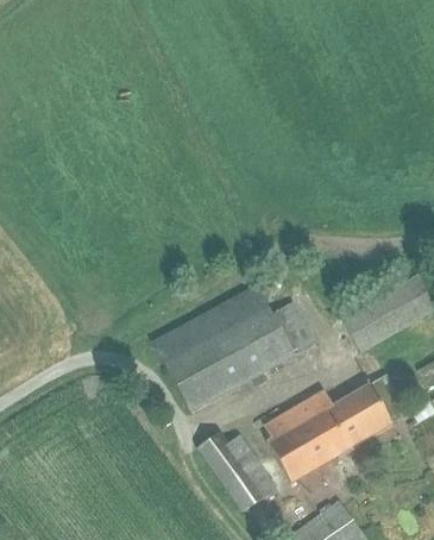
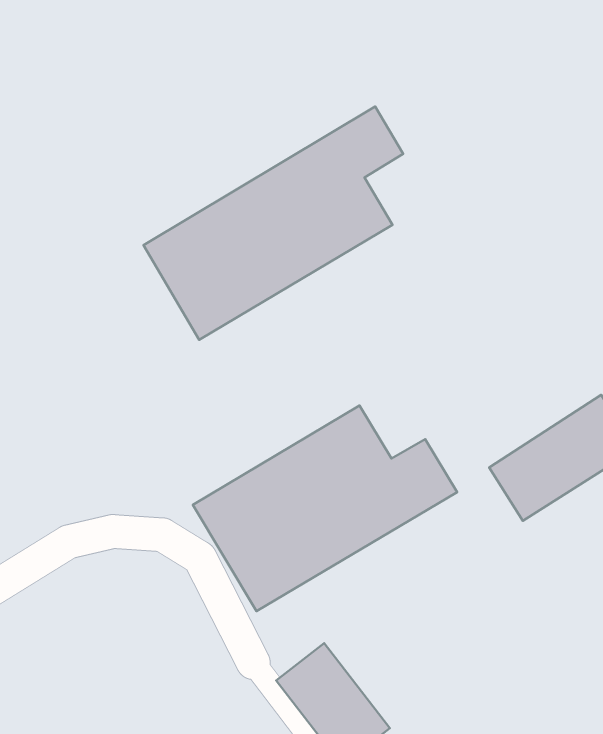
building: none -> [143,107,403,340]
building: [260,375,401,483] -> none

